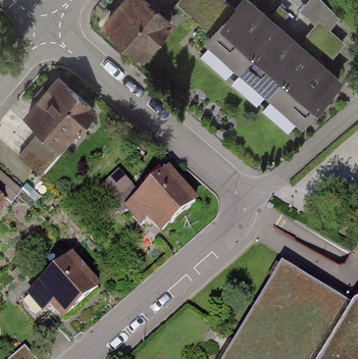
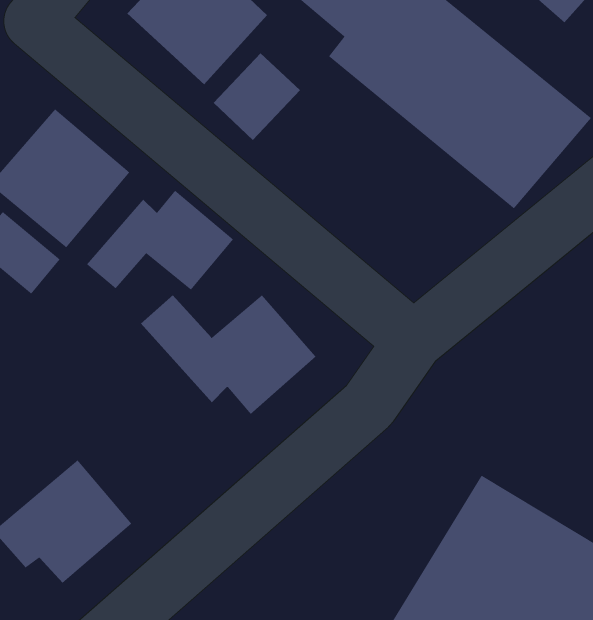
building: none -> [213,52,301,141]
building: none -> [86,190,234,290]

